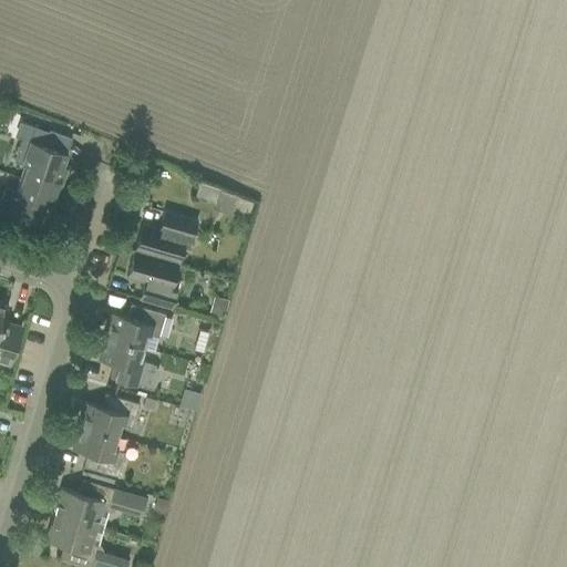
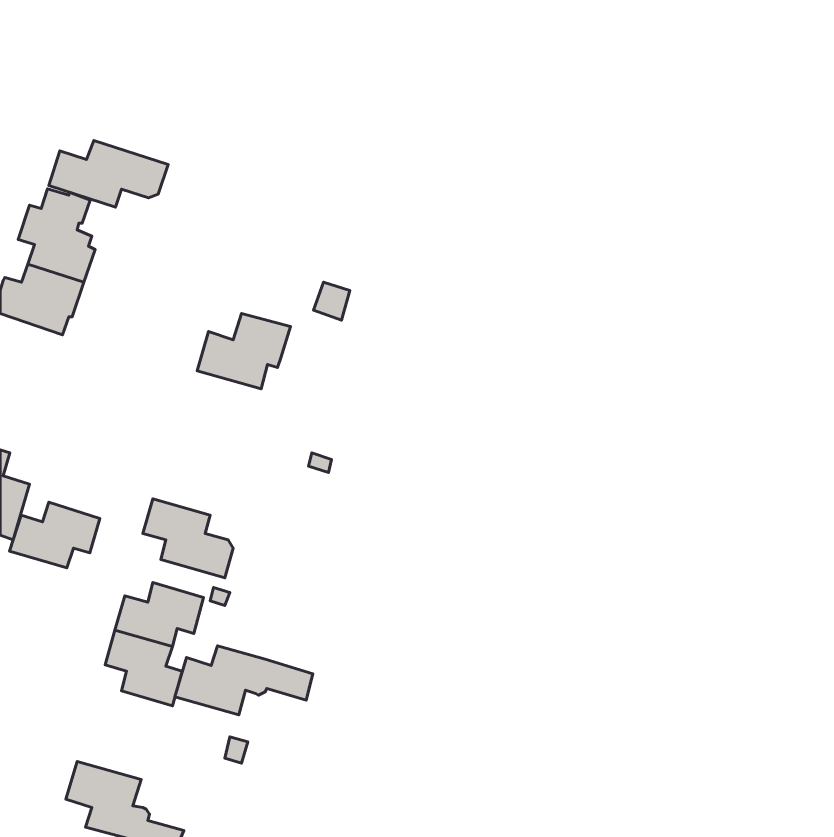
building: none -> [49,140,168,207]
building: [128,251,181,310] -> none
building: [106,305,167,349] -> [10,502,100,568]
building: [55,481,148,527] -> [175,646,313,715]

